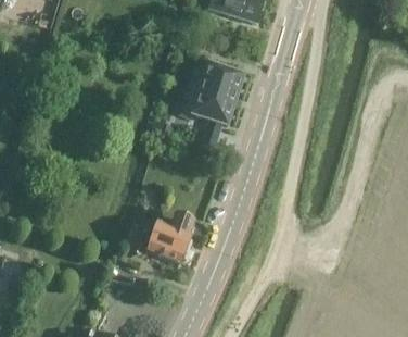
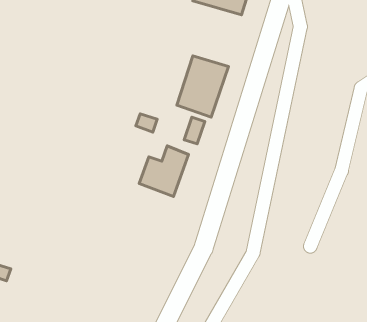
building: [145,212,195,263] -> [139,146,189,197]

